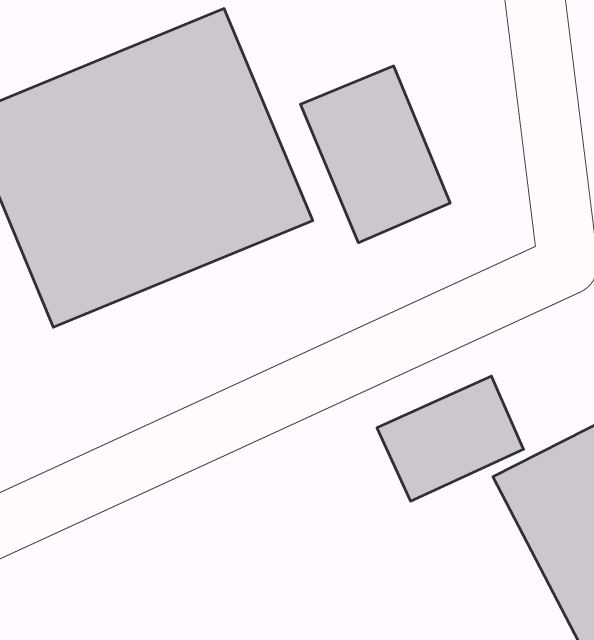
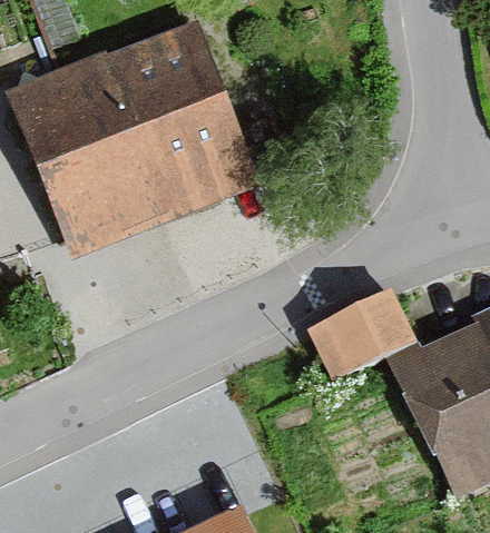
building: [301,66,450,243] -> none

